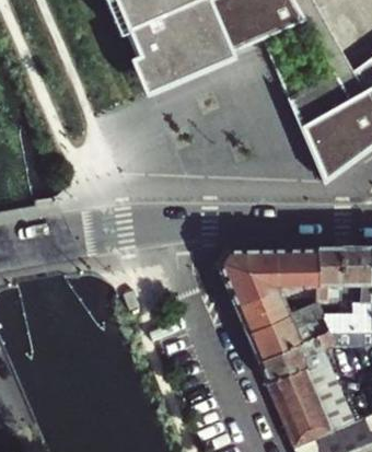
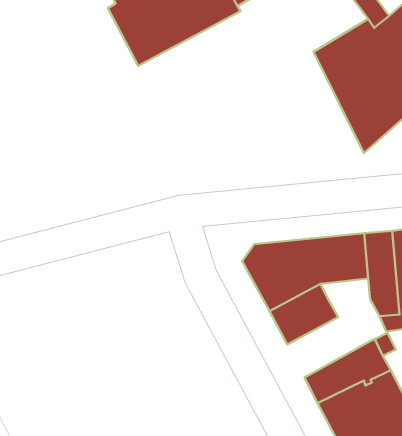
building: [247,303,325,362] -> none

